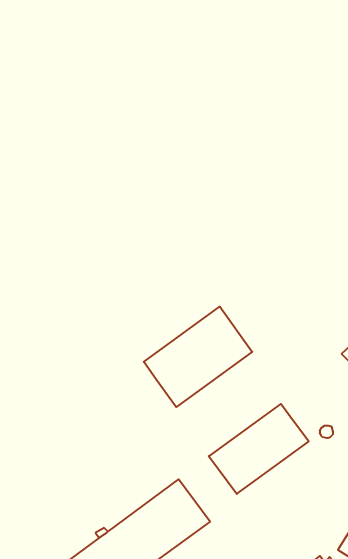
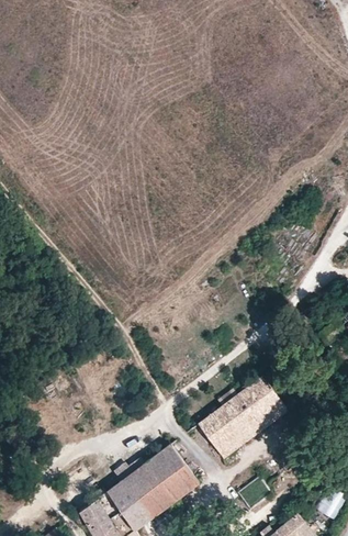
building: [144,307,252,407] -> none

